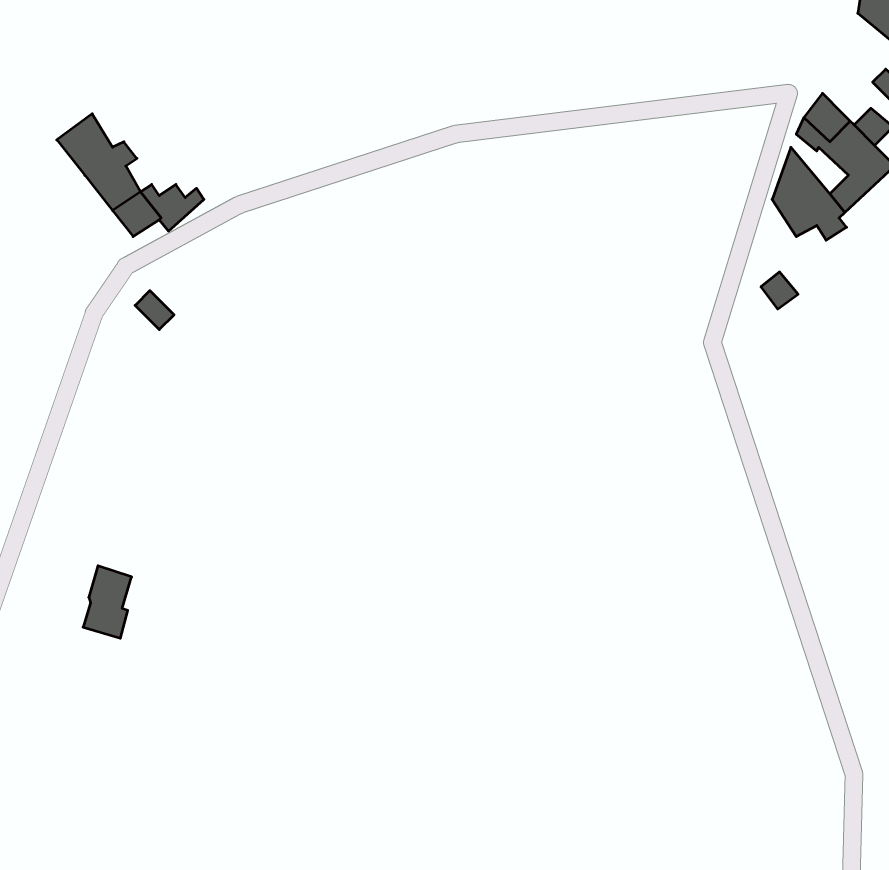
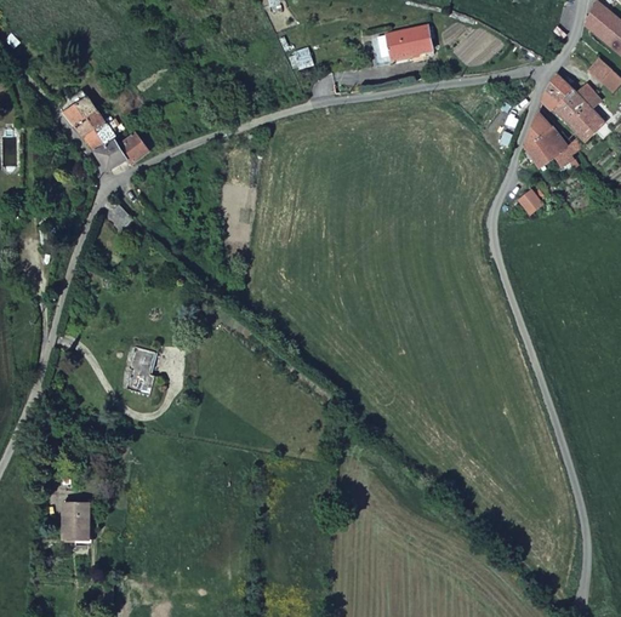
building: none -> [388,25,437,59]
building: [83,566,132,638] -> [124,345,155,393]
building: none -> [62,498,89,542]

